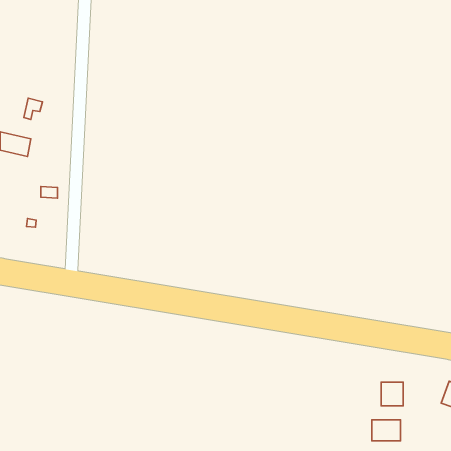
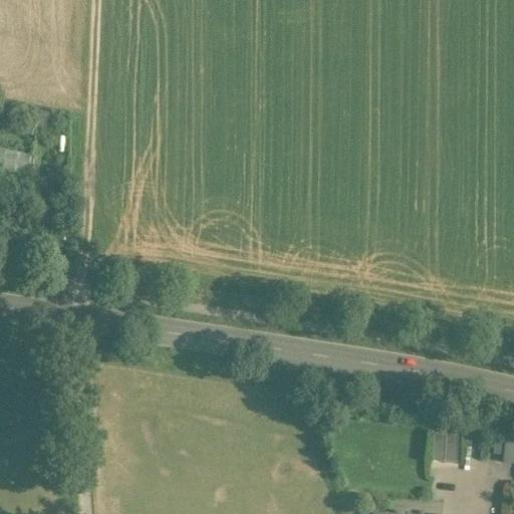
building: [372,420,401,441] -> none

